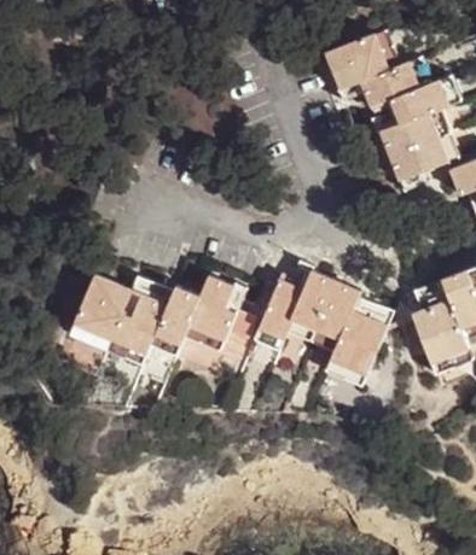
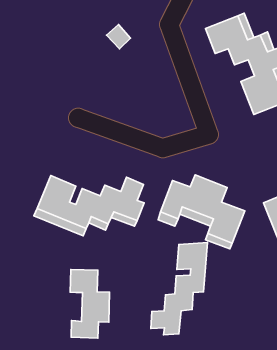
building: none -> [151,242,207,335]
building: none -> [70,270,109,338]

